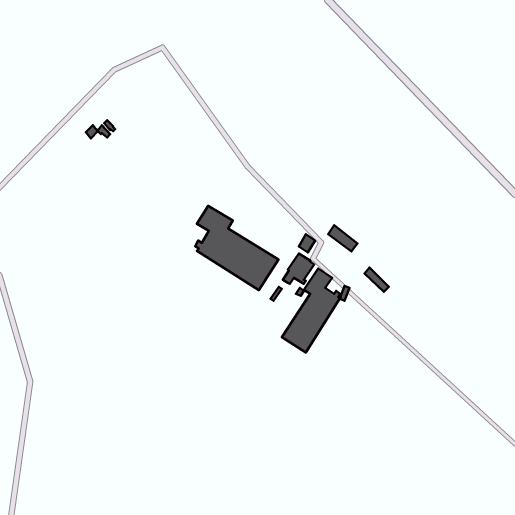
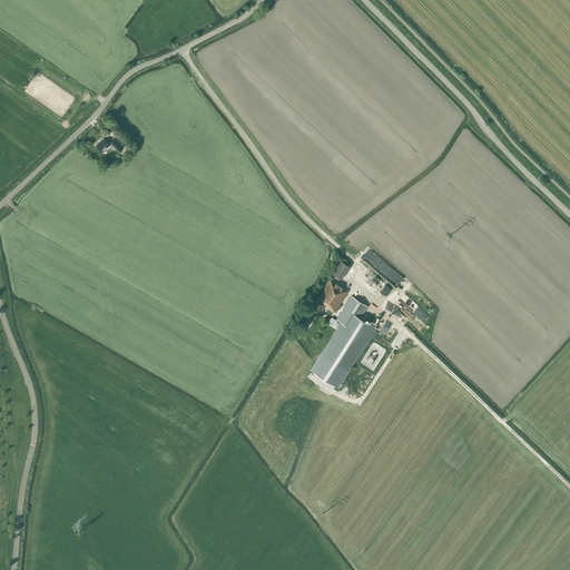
building: [195,206,279,290] -> none

